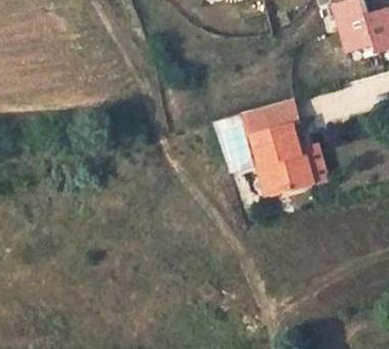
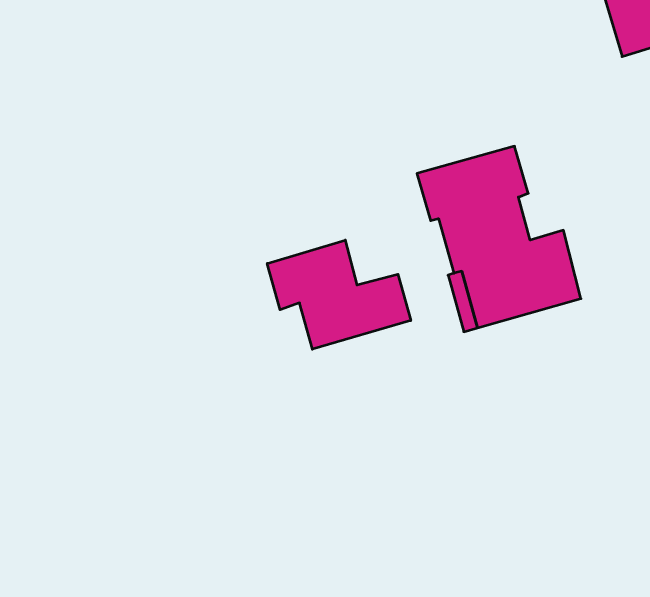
building: none -> [267,240,411,349]

